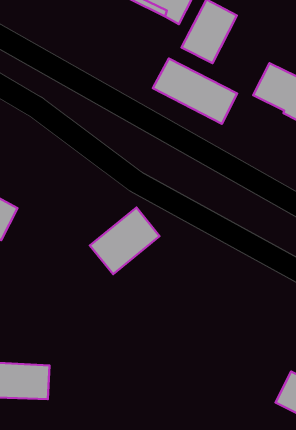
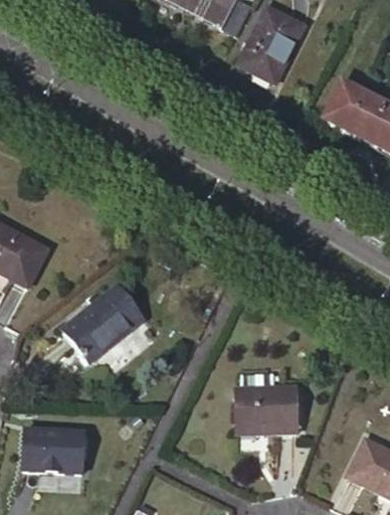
building: [153,59,237,124] -> none
building: [90,208,160,274] -> [63,284,145,361]
building: none -> [236,385,298,433]

